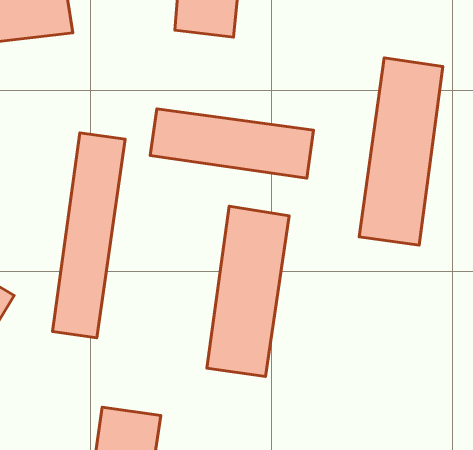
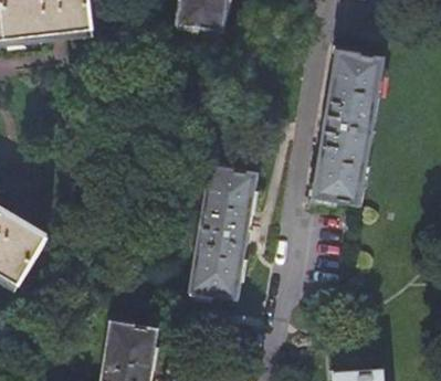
building: [150,109,314,178] -> none
building: [52,133,125,338] -> none

